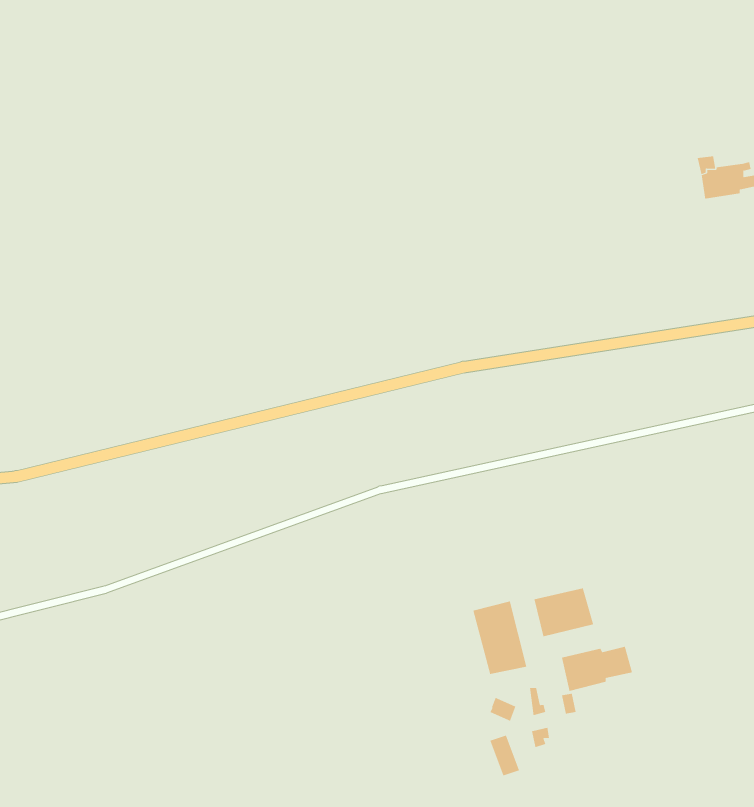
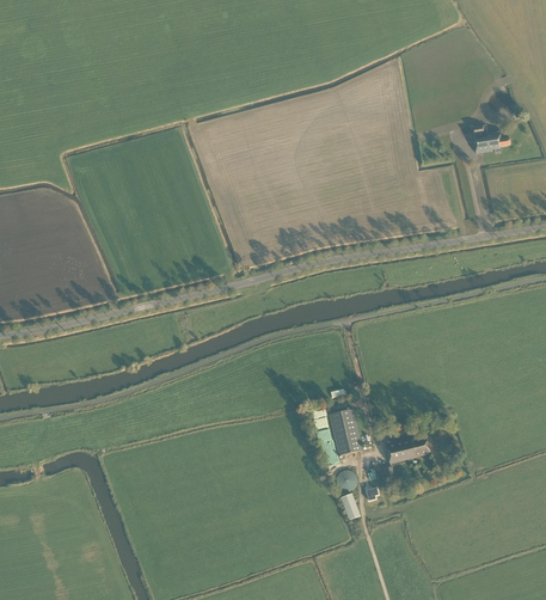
building: [534,588,594,637] -> none

